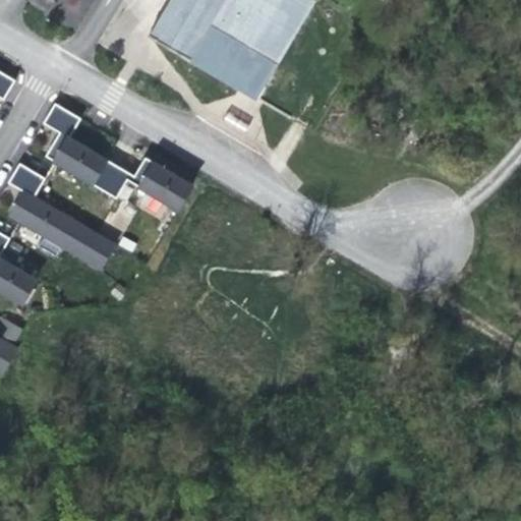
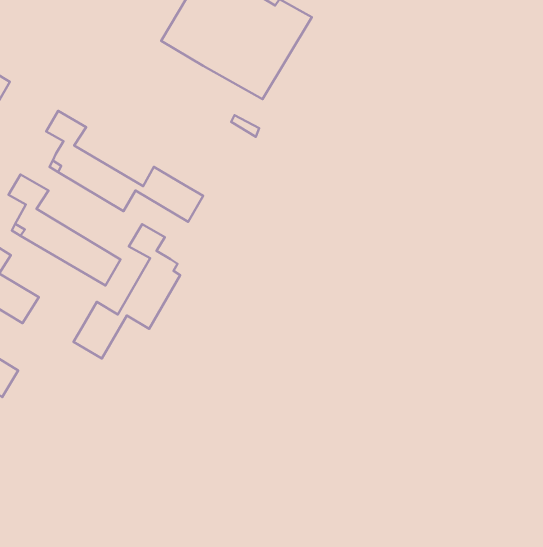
building: none -> [73,224,180,359]

